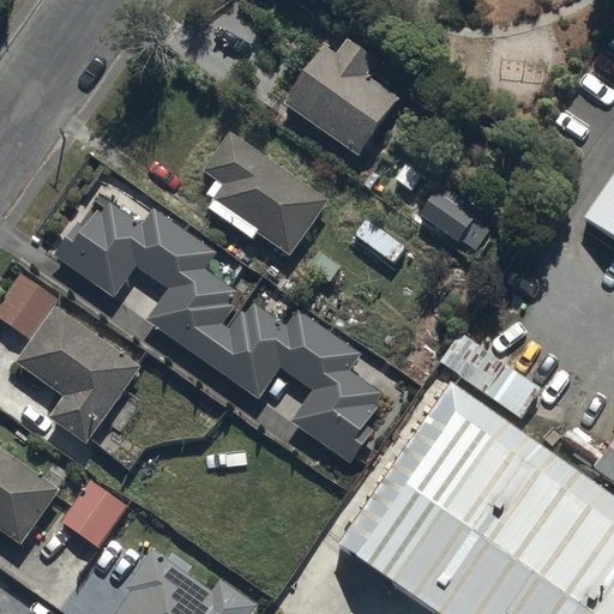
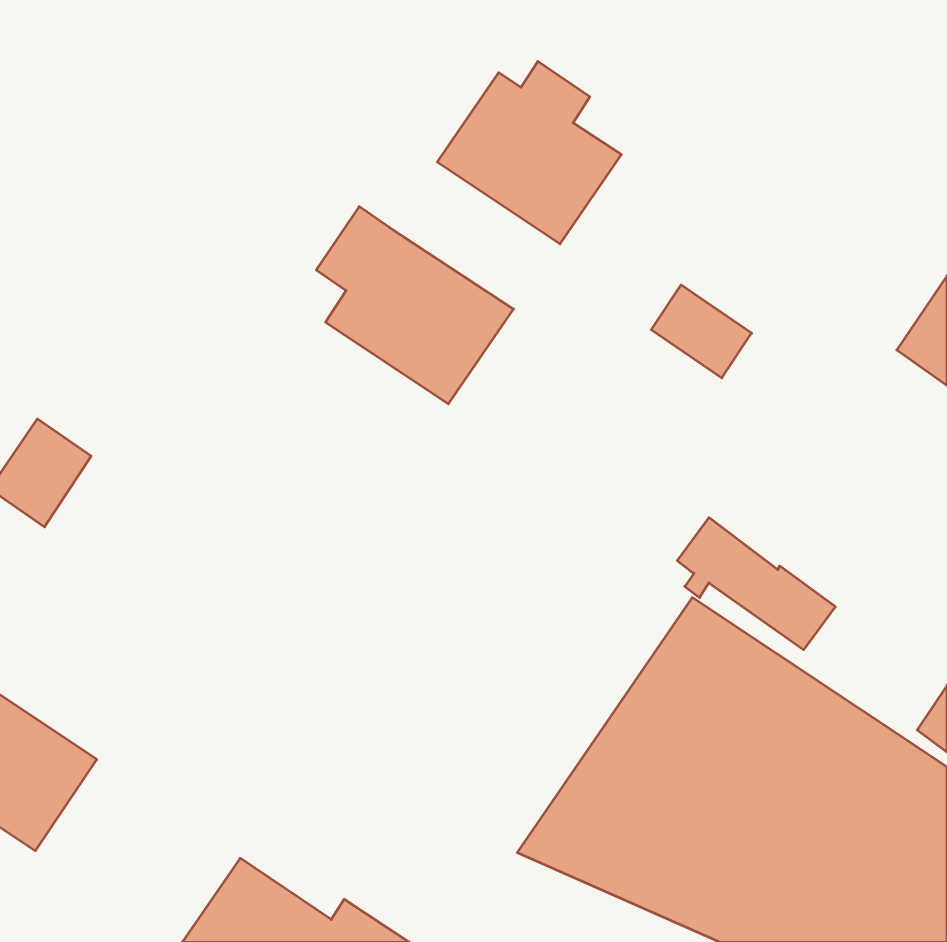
building: [58,197,389,459] -> none
building: [20,308,143,444] -> none
building: [60,480,130,550] -> none

